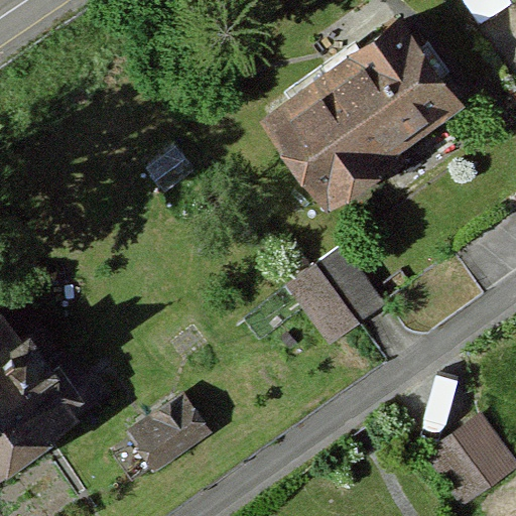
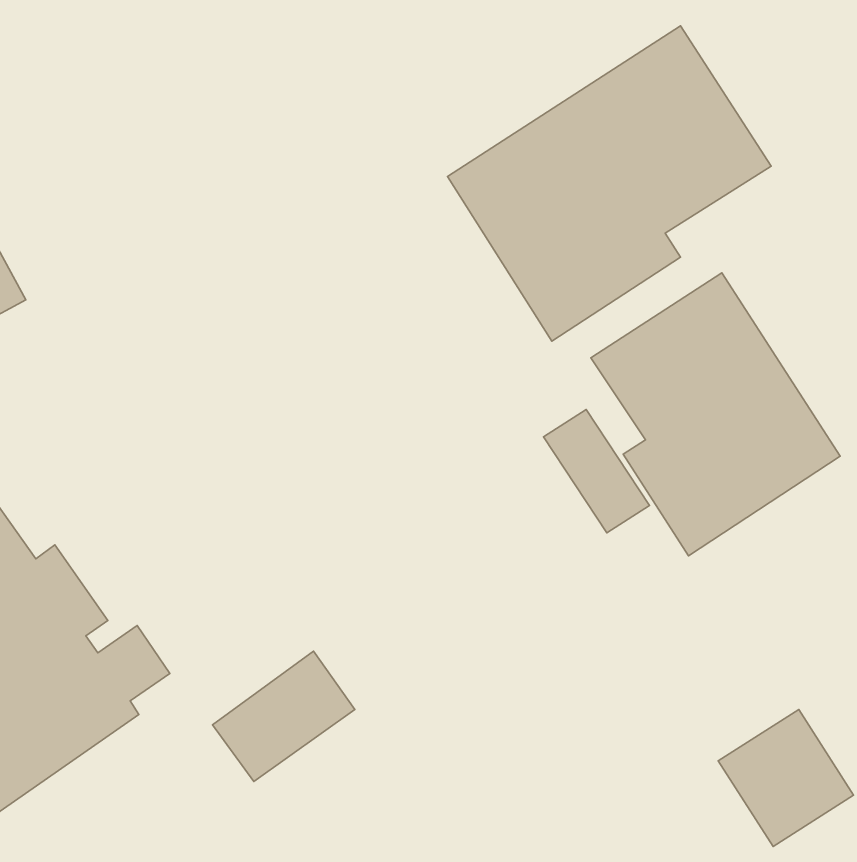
building: none -> [591,273,840,556]

